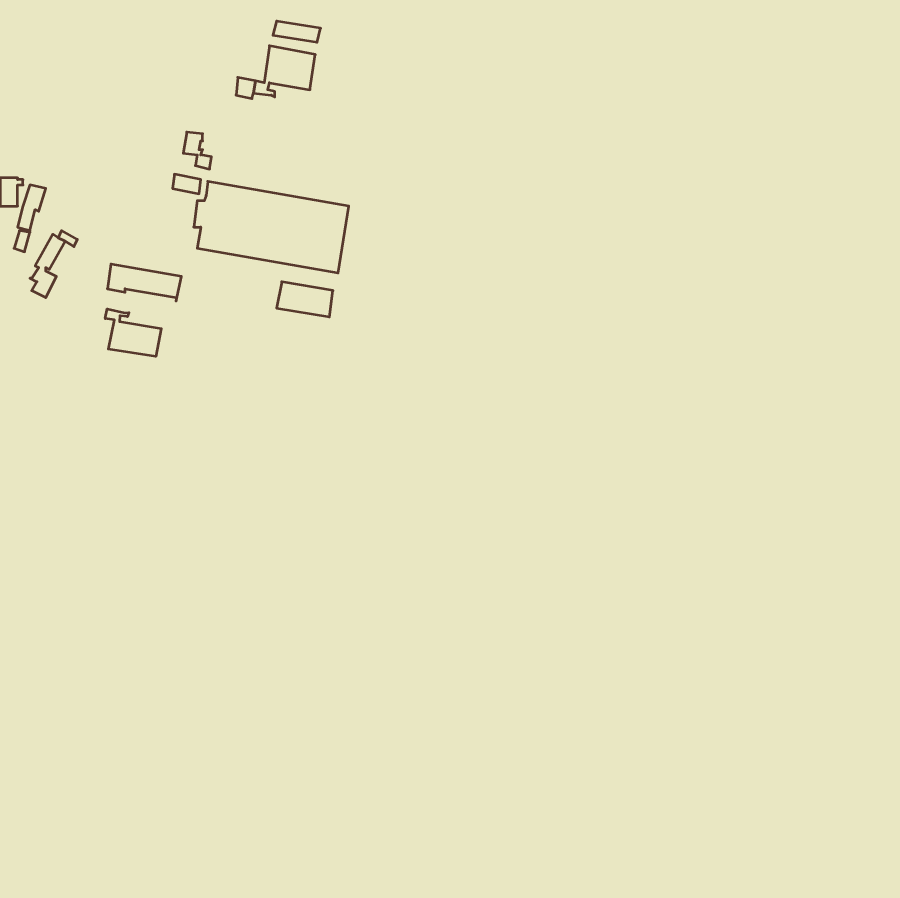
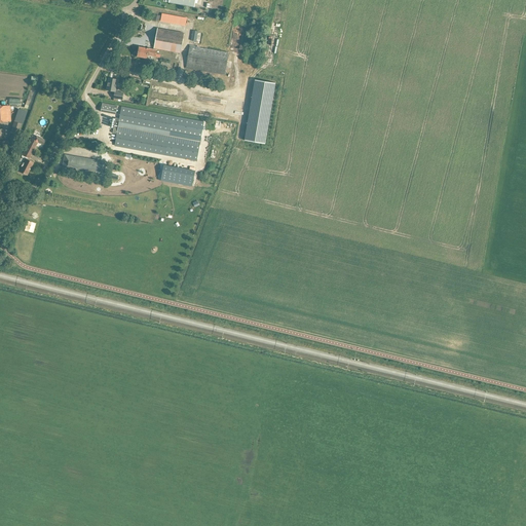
building: none -> [186,45,228,74]
building: none -> [245,78,275,143]
building: [105,309,161,356] -> none

